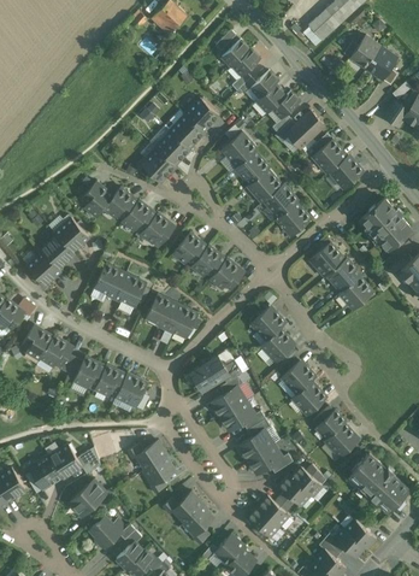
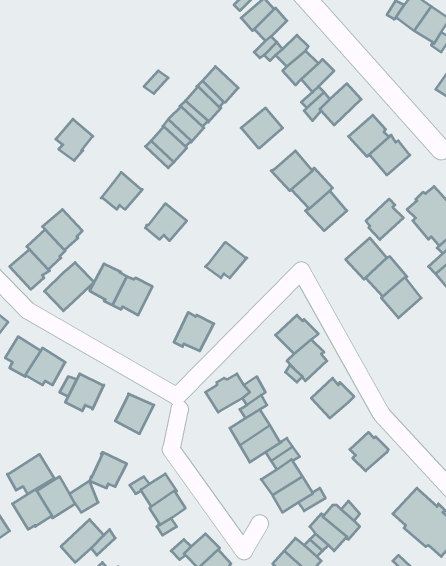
building: [234,151,268,184] -> none
building: [81,182,112,217] -> [56,119,93,161]
building: [122,200,155,231] -> none
building: none -> [366,199,403,240]
building: [172,233,206,264] -> none
building: [210,258,243,289] -> none
building: none -> [44,262,94,311]
building: [144,294,176,330] -> none
building: [94,365,125,395] -> [90,452,127,488]
building: [290,381,324,416] -> none
building: [323,423,356,457] -> none
building: none -> [7,454,54,494]

